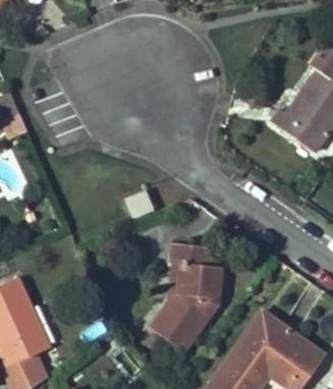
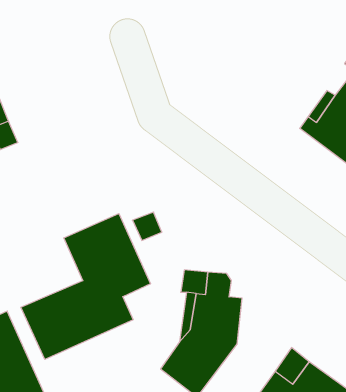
building: none -> [21,214,150,359]

